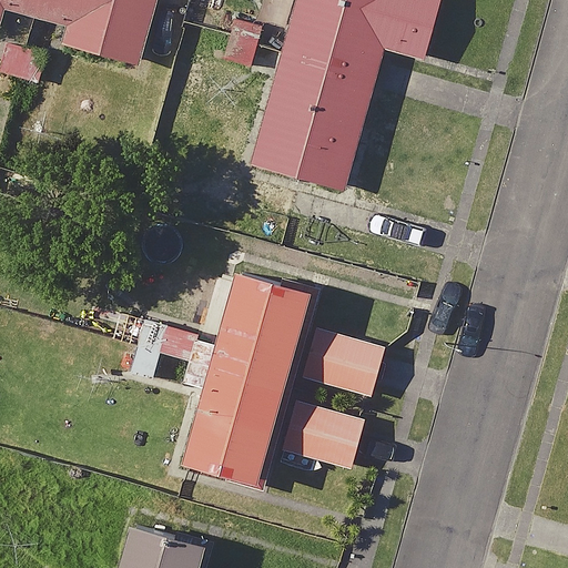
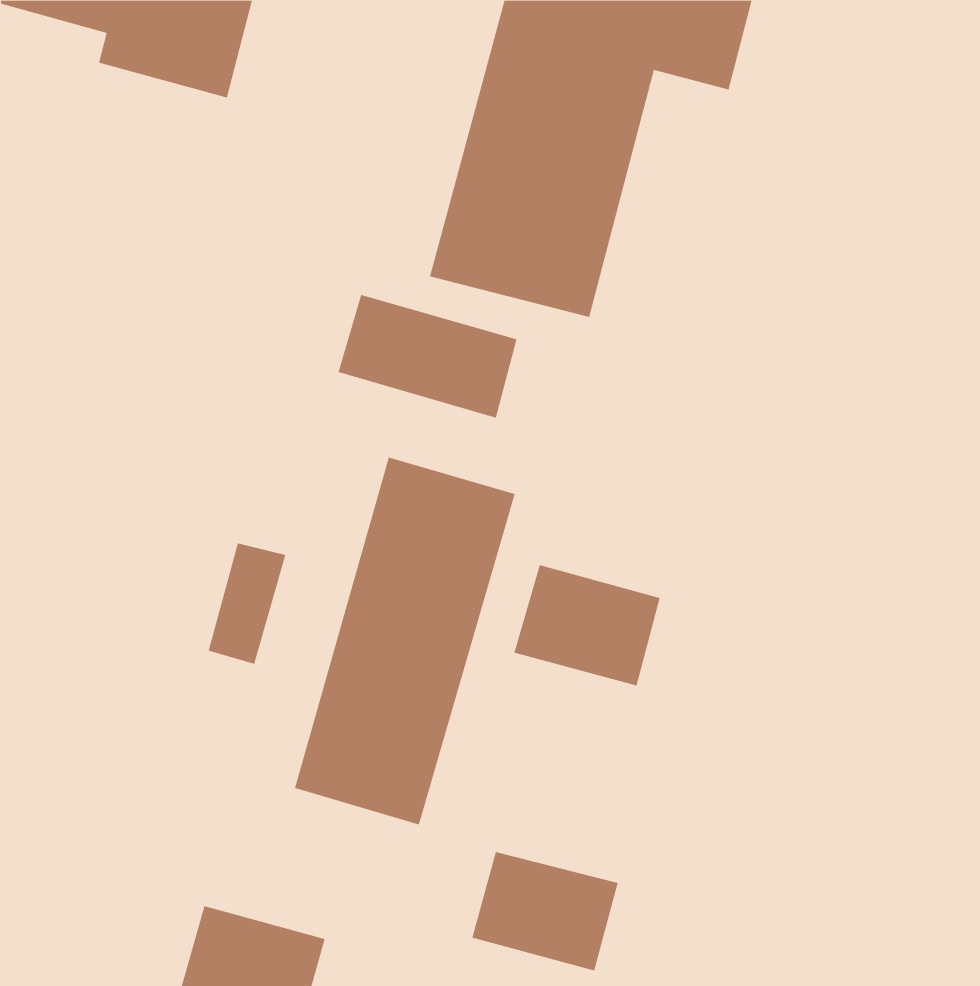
building: none -> [338,294,517,418]
building: [282,402,365,469] -> [472,851,619,971]

